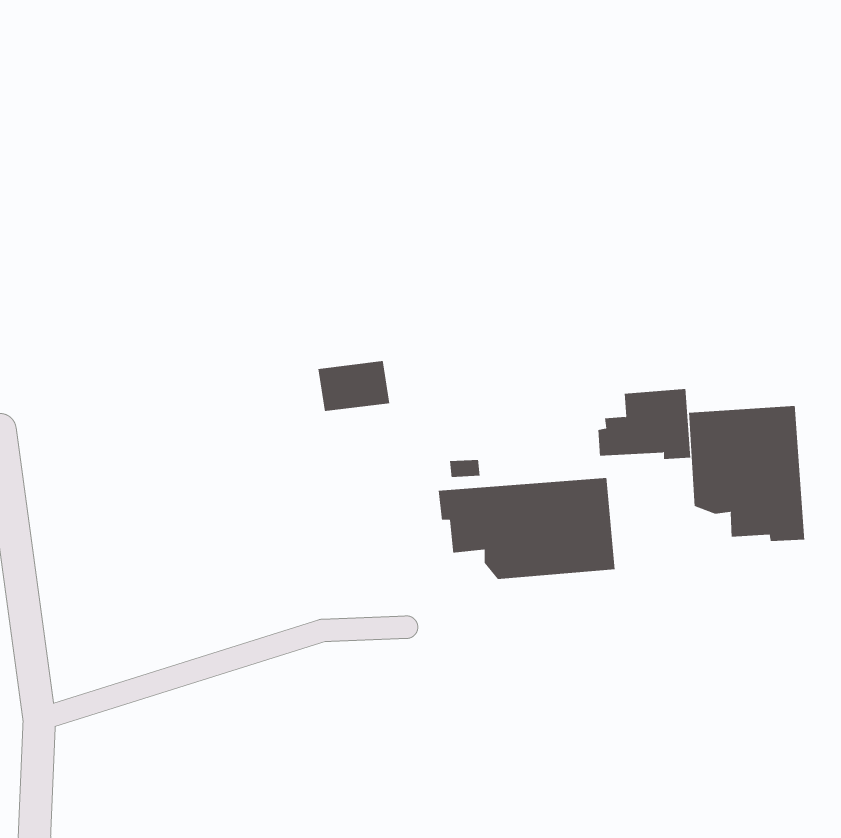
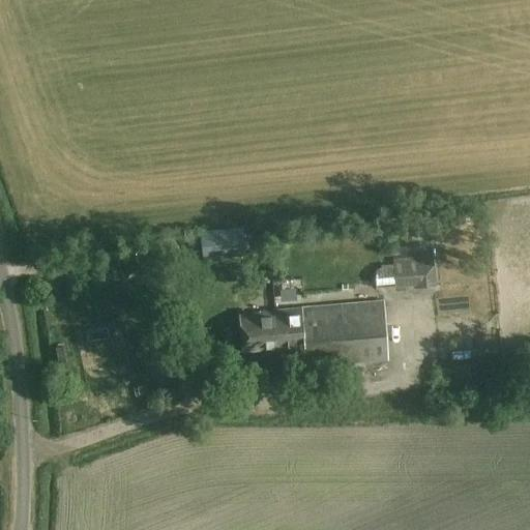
building: [688,405,805,542] -> none
building: none -> [240,308,285,351]

